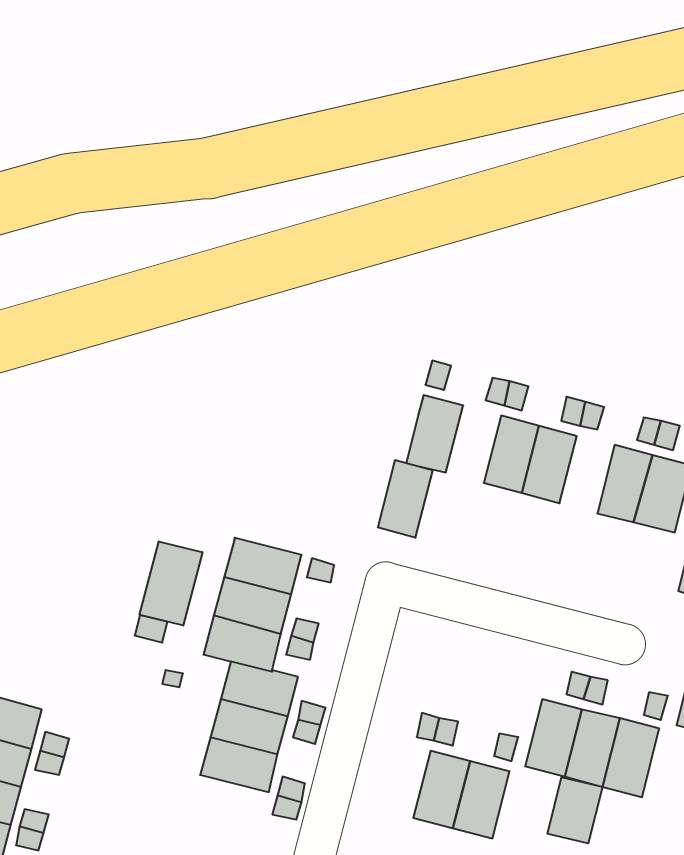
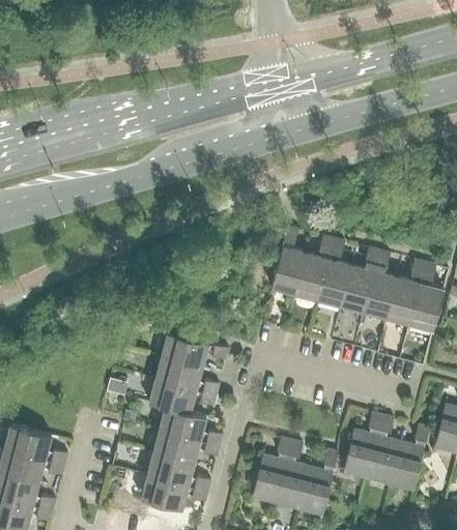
building: none -> [364,271,397,318]
building: [378,460,433,538] -> [295,253,329,299]
building: [140,541,202,626] -> none
building: none -> [253,454,286,501]
building: none -> [141,475,189,509]
building: [547,777,602,843] -> none

